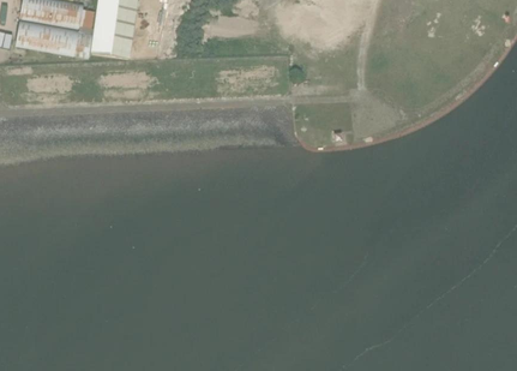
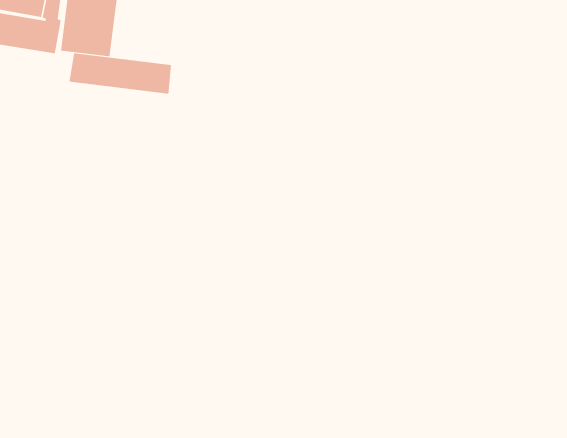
building: none -> [69,52,172,95]

